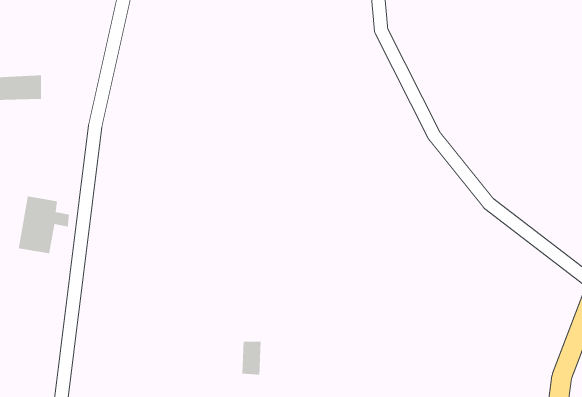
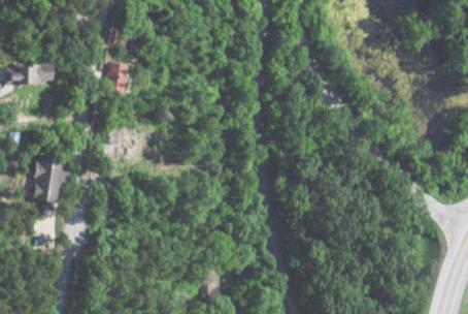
building: none -> [106,62,126,91]

